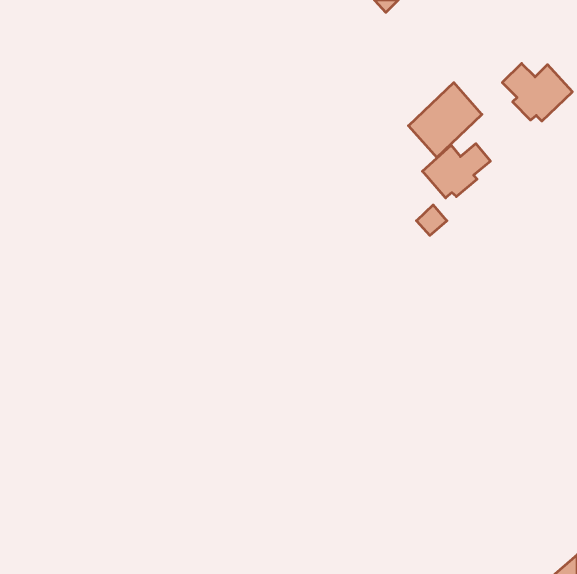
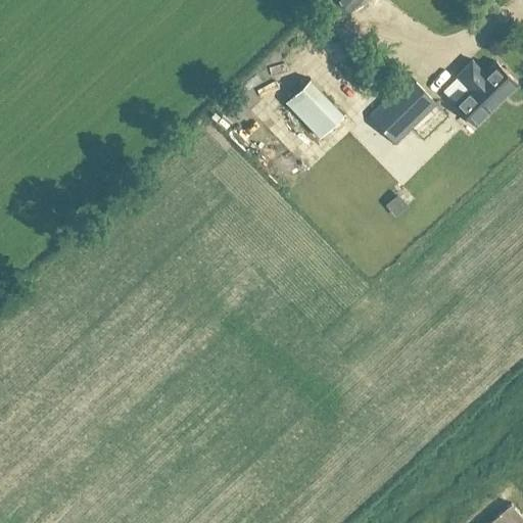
building: none -> [285,81,343,139]
building: [422,144,490,198] -> none

